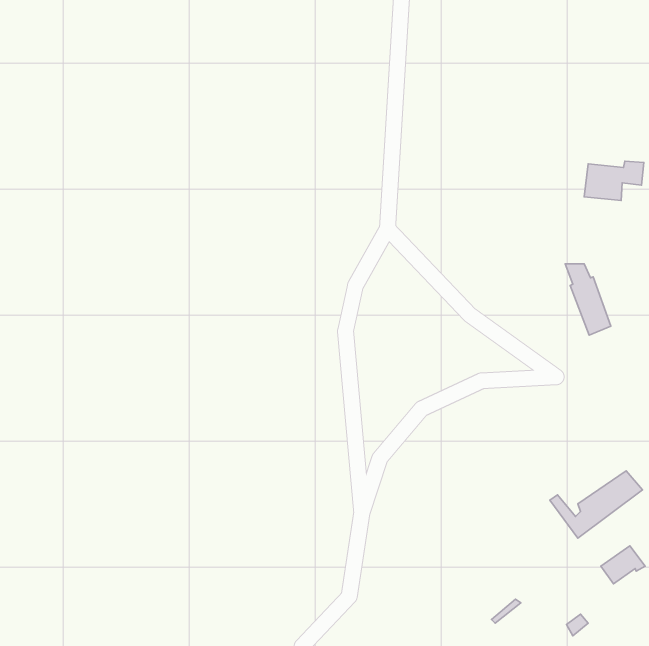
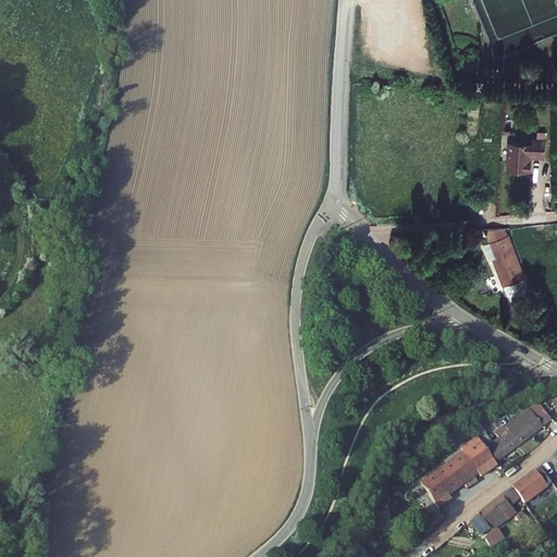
building: none -> [420,438,496,507]
building: none -> [470,486,519,534]

